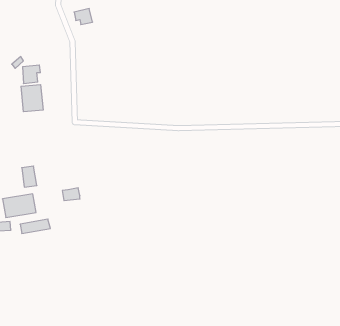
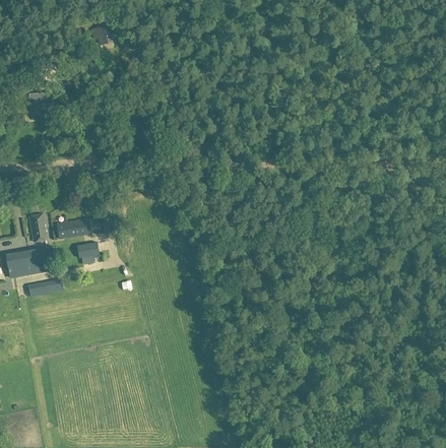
building: [21,85,43,112] -> none
building: none -> [55,219,89,240]

